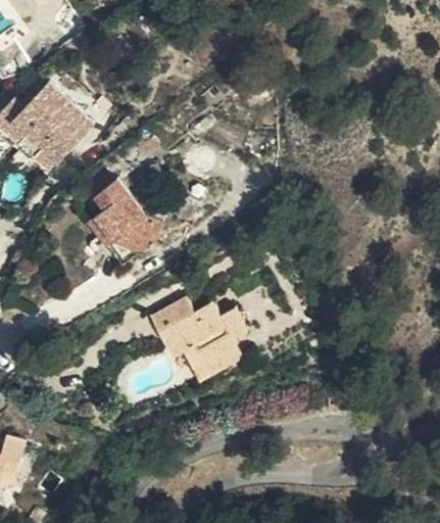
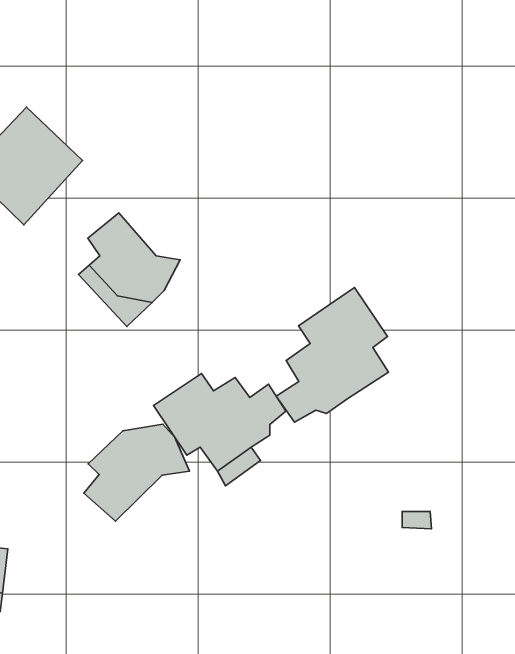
building: none -> [276,288,388,422]
building: none -> [84,424,190,521]

